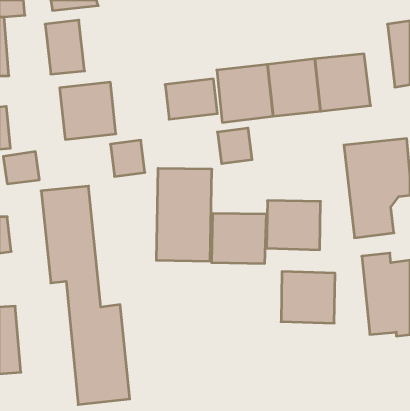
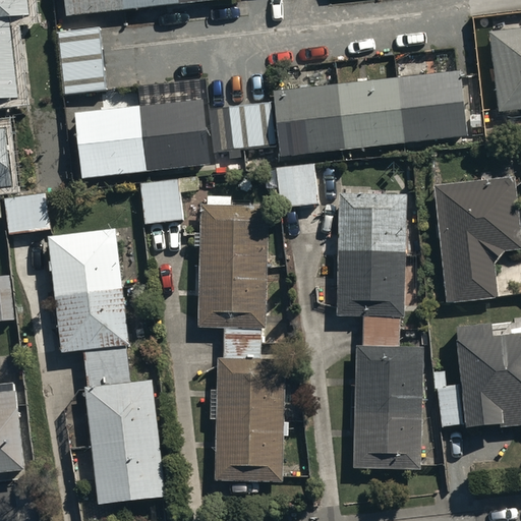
building: none -> [139,99,210,170]
building: [212,213,266,263] -> [338,192,407,255]
building: none -> [216,365,286,483]
building: none -> [353,407,422,468]

